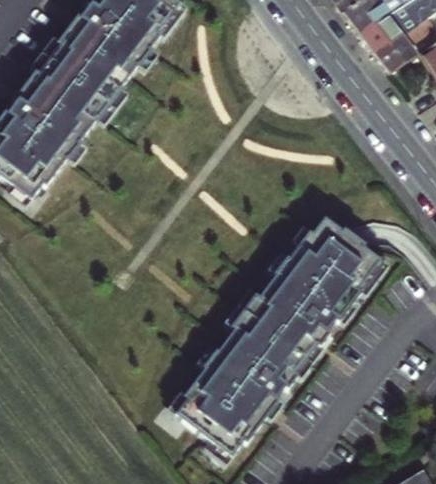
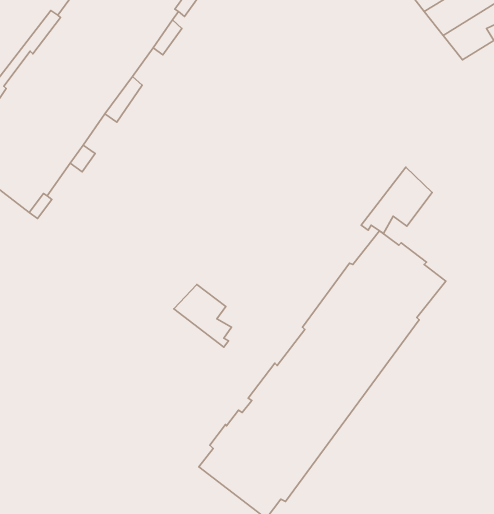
building: none -> [361,167,432,233]
building: none -> [174,284,232,347]

